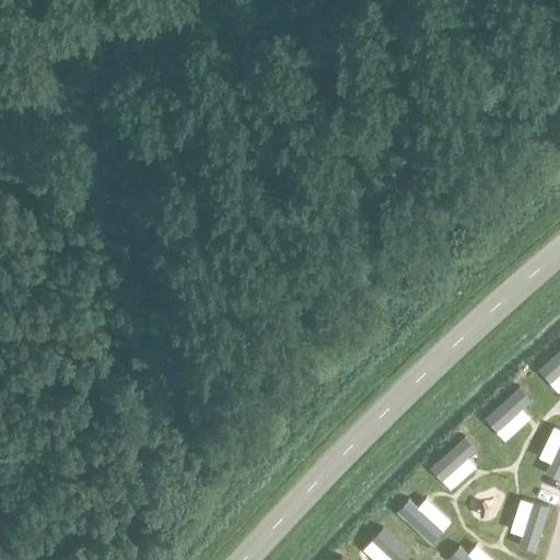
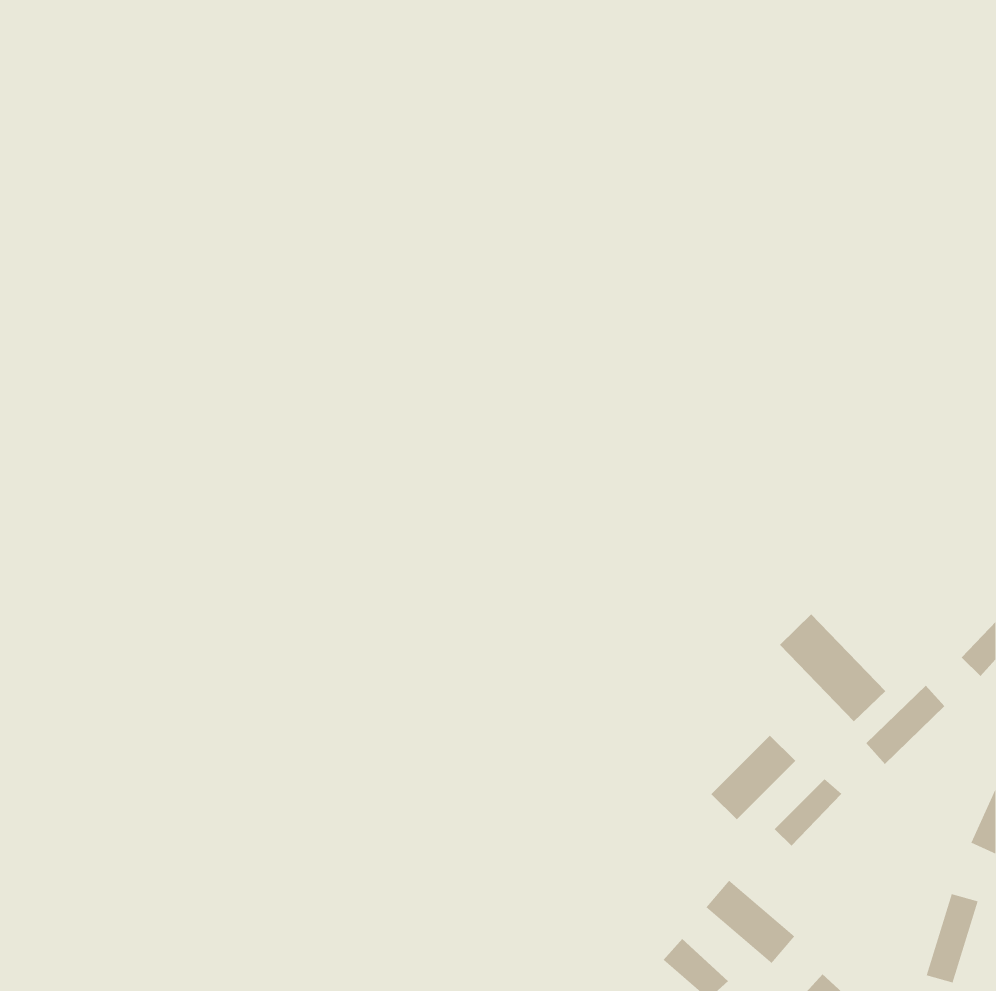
building: none -> [779,614,886,722]
building: none -> [711,735,796,820]

